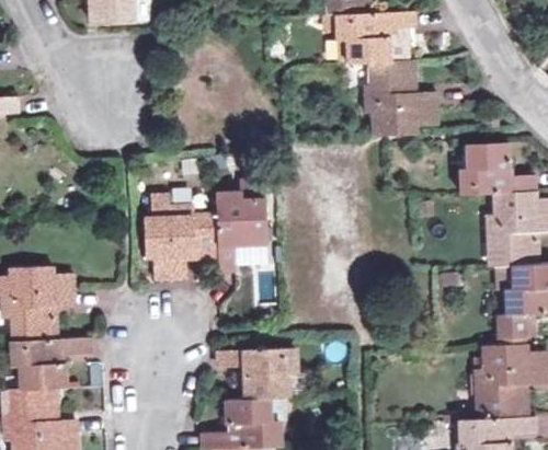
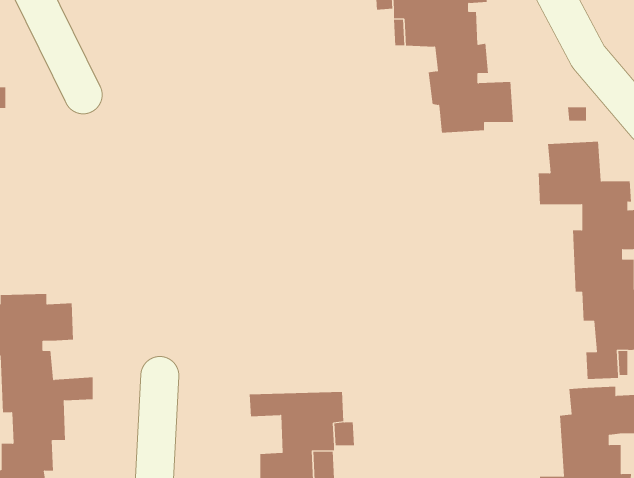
building: [144,180,265,277] -> none

